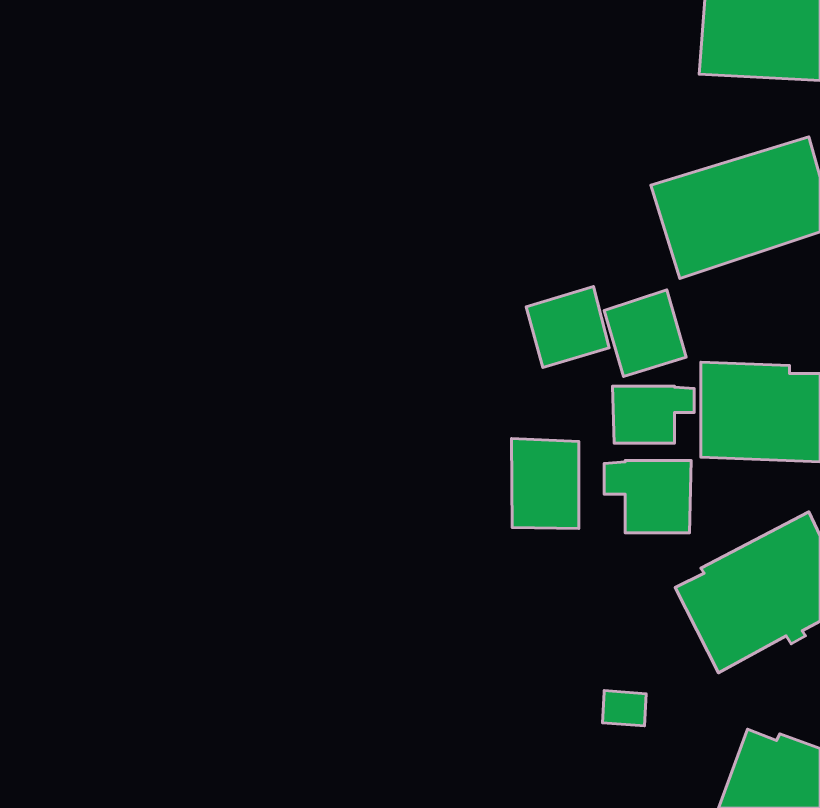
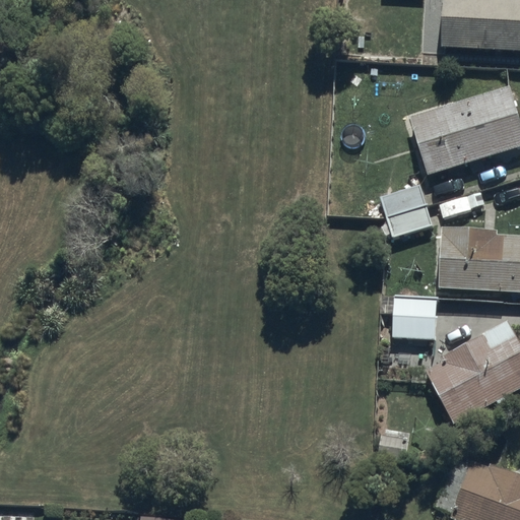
building: [526,287,609,367] -> none
building: [613,386,694,443] -> none
building: [512,438,579,529] -> none

